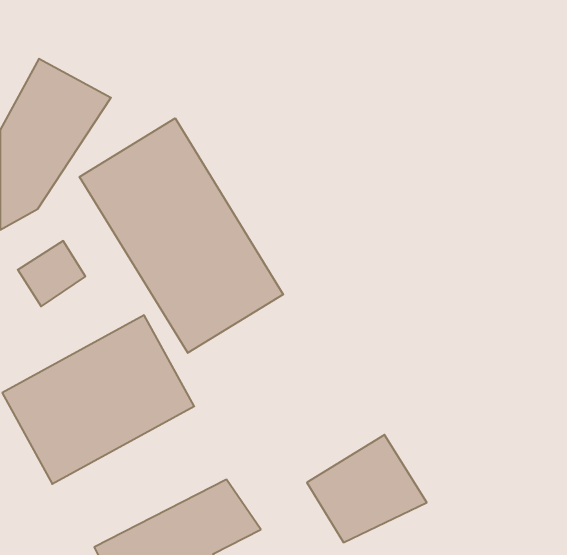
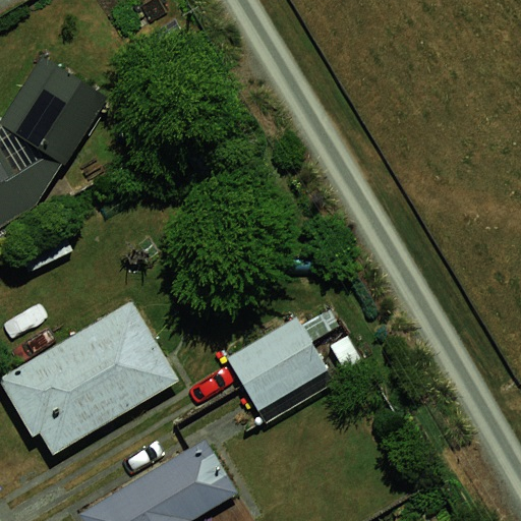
building: [80,118,283,353] -> none
building: [307,435,427,542] -> [221,313,331,412]

